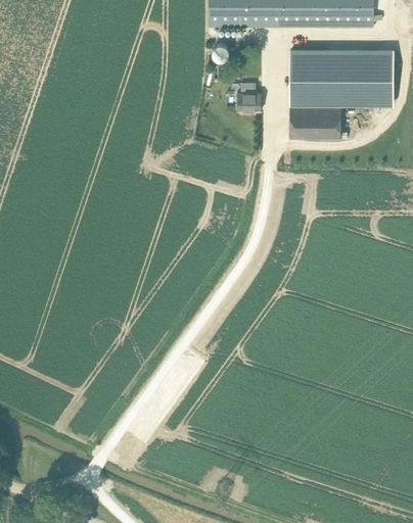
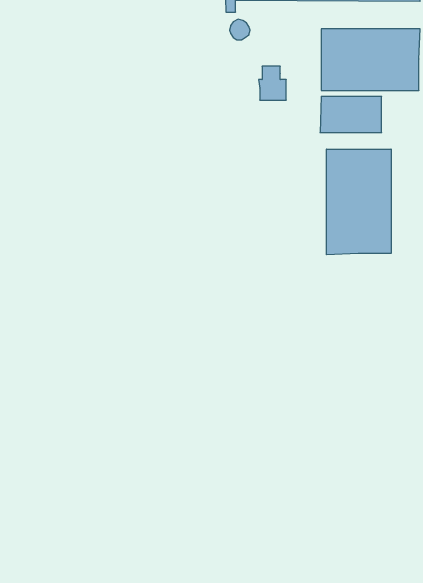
building: none -> [327,149,391,255]

